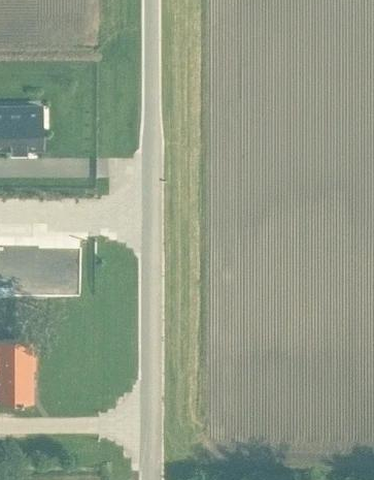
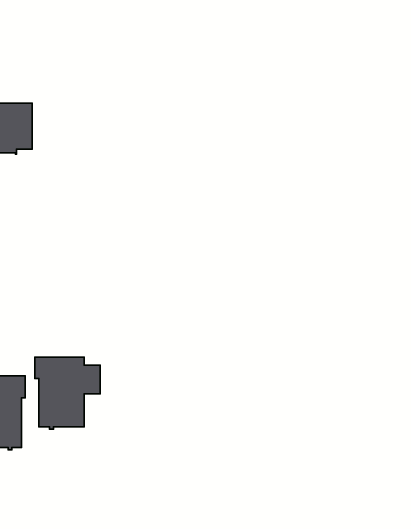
building: none -> [35,357,100,429]

